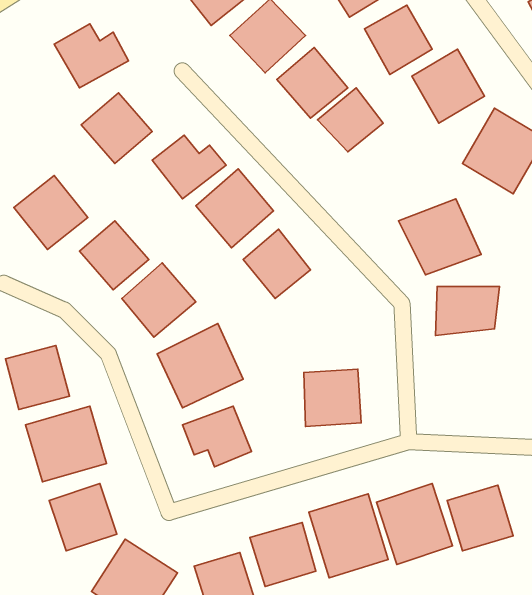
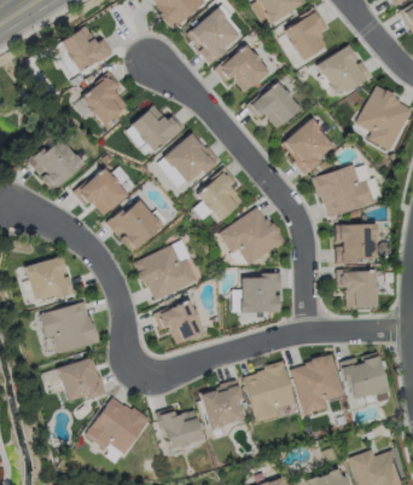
building: none -> [279,106,327,158]
building: none -> [217,206,283,264]
building: none -> [336,255,383,296]

